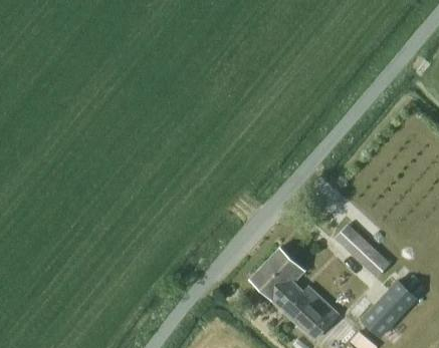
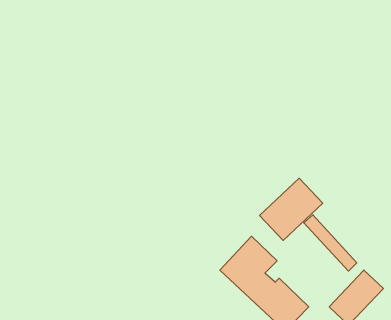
building: none -> [260,178,323,240]

